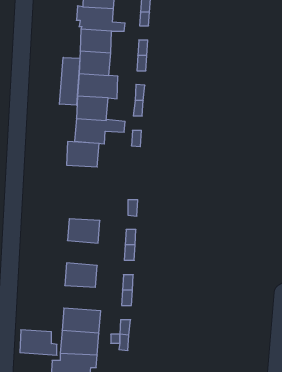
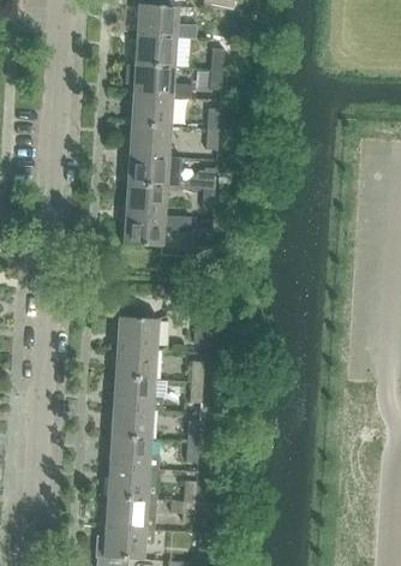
building: [59,57,80,105] -> none
building: [67,142,99,167] -> [116,315,160,348]
building: none -> [113,375,163,409]
building: [20,330,57,355] -> [109,435,158,469]

